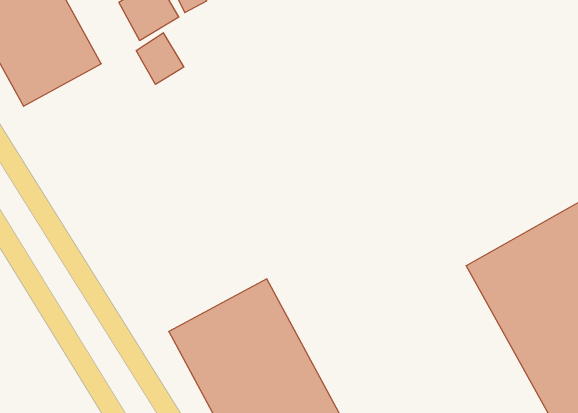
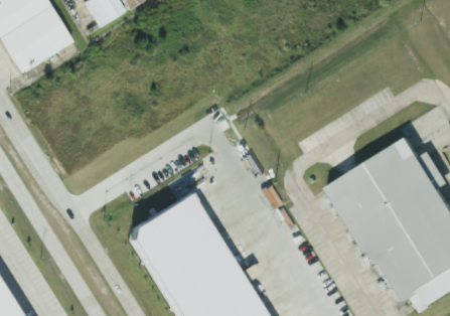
building: [136,33,184,84] -> none

